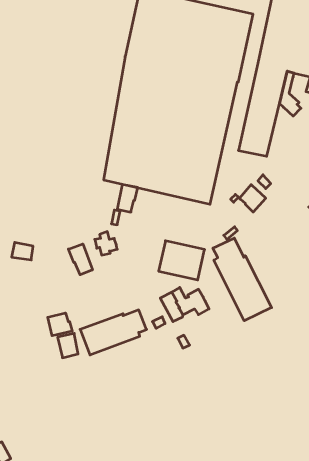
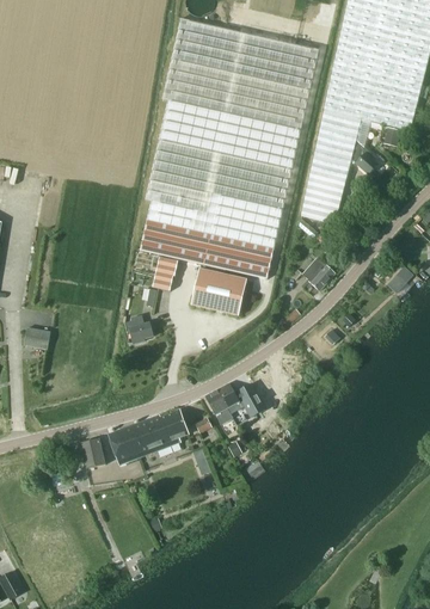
building: [213,238,272,321] -> none
building: [159,241,205,280] -> [191,267,247,315]
building: [68,244,92,275] -> none
building: [48,313,72,336] -> none

